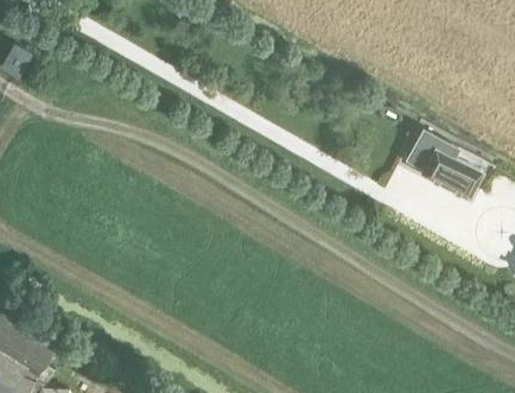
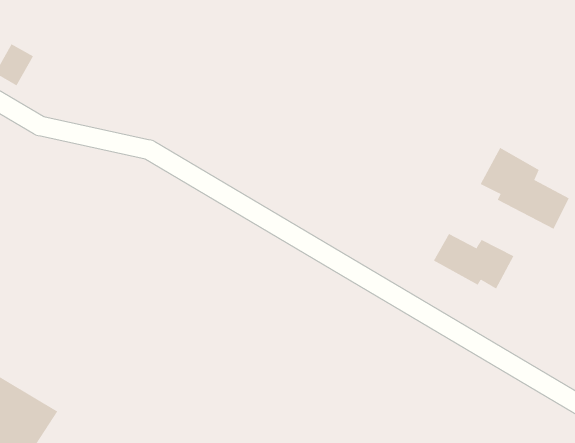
building: none -> [433,233,514,289]

